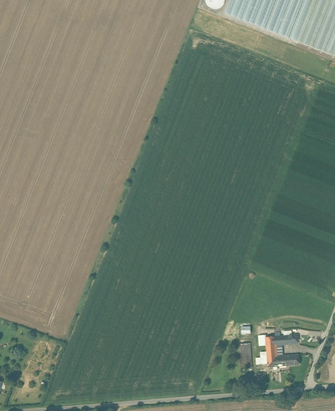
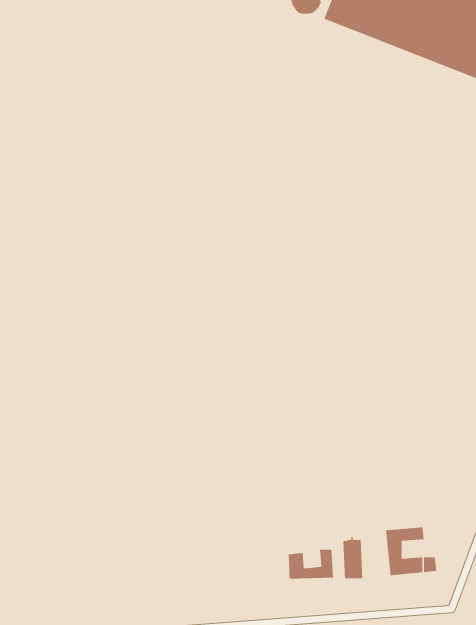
building: none -> [288,549,333,580]

